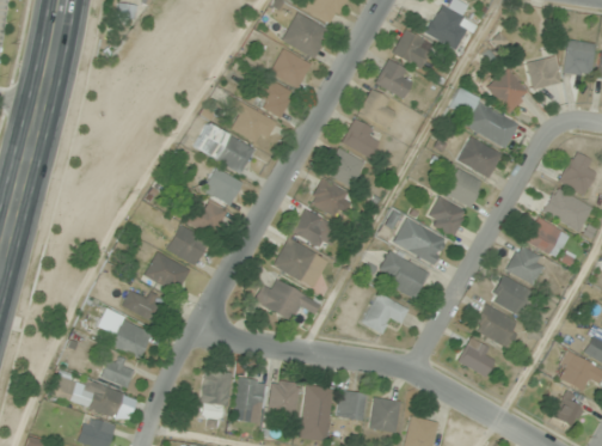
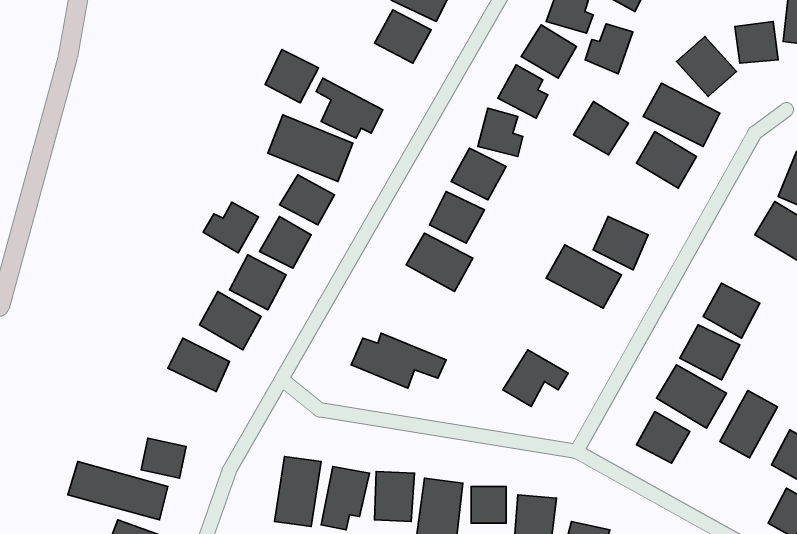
building: none -> [585,24,633,74]
building: [257,79,295,117] -> [265,49,319,103]
building: [444,167,484,206] -> [573,102,628,155]
building: none -> [203,202,259,253]
building: [526,216,563,253] -> none
building: [275,238,318,280] -> none
building: [381,251,430,298] -> none
building: [99,308,153,359] -> none
building: none -> [720,390,778,458]

